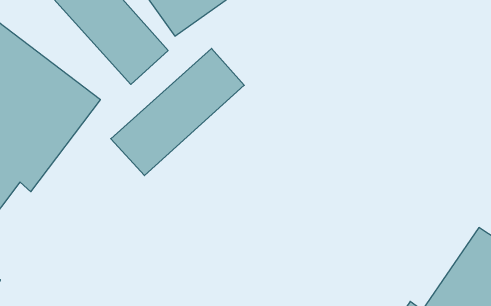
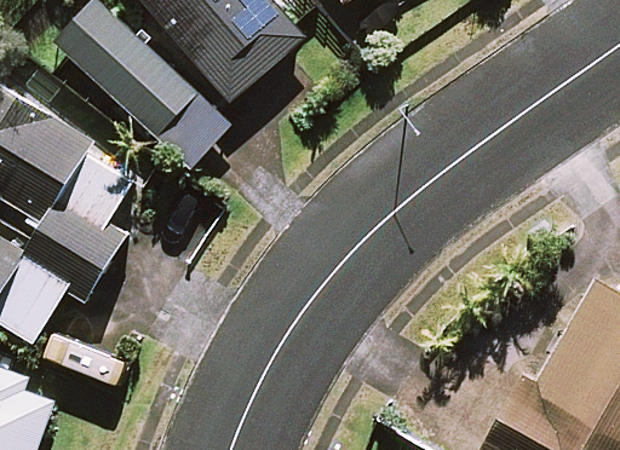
building: [111,48,244,176] -> none

